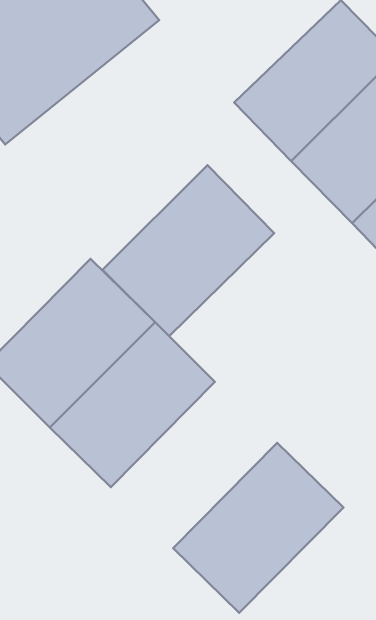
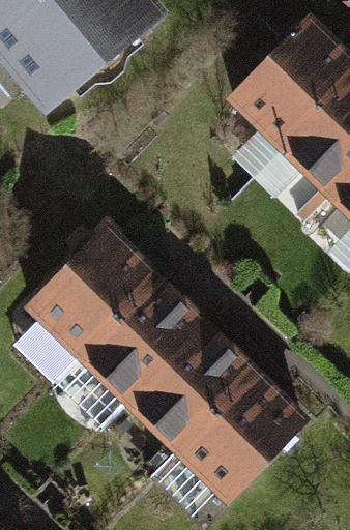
building: [103,165,274,336] -> none
building: none -> [121,321,257,457]

